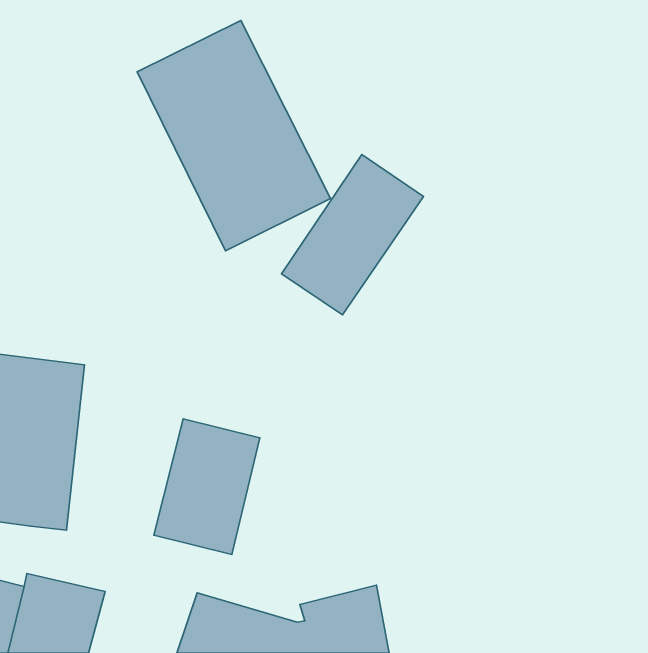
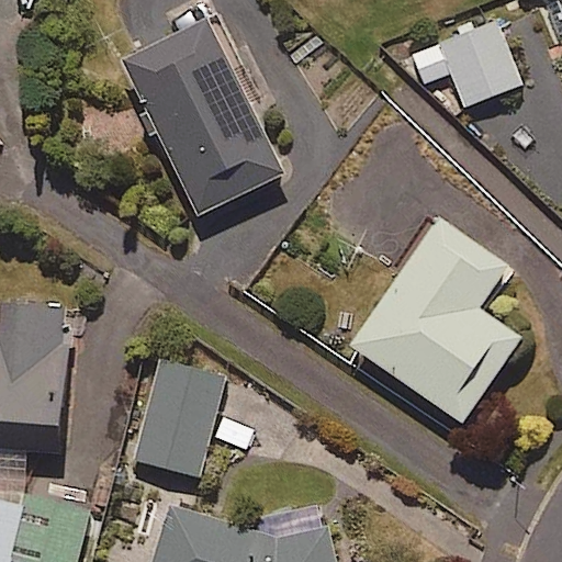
building: none -> [409,20,524,109]
building: [281,154,424,315] -> none
building: none -> [351,218,522,424]

